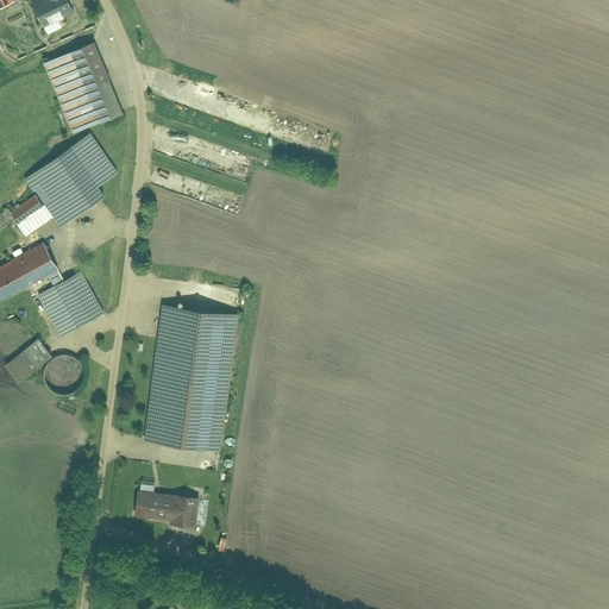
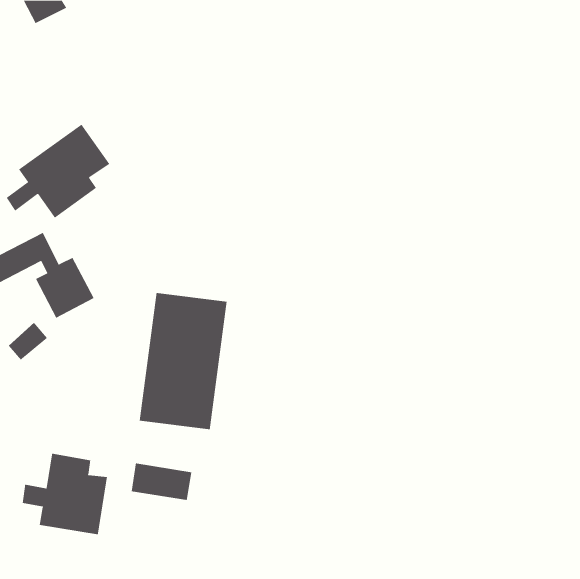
building: [49,42,120,128] -> none
building: [44,352,83,391] -> none
building: none -> [22,453,107,535]

